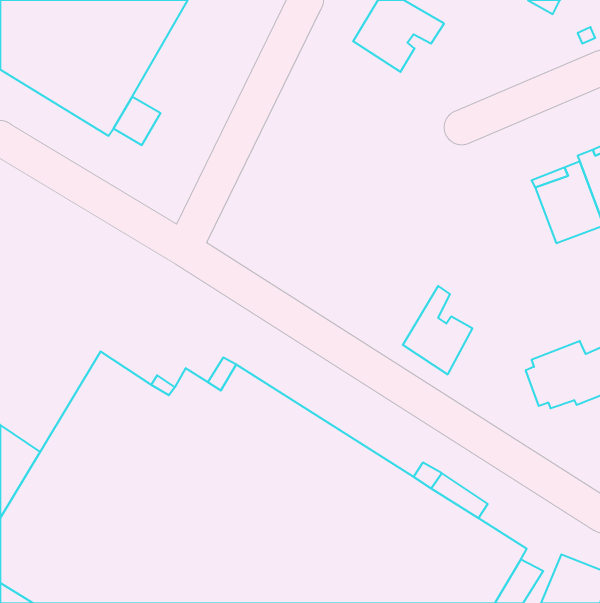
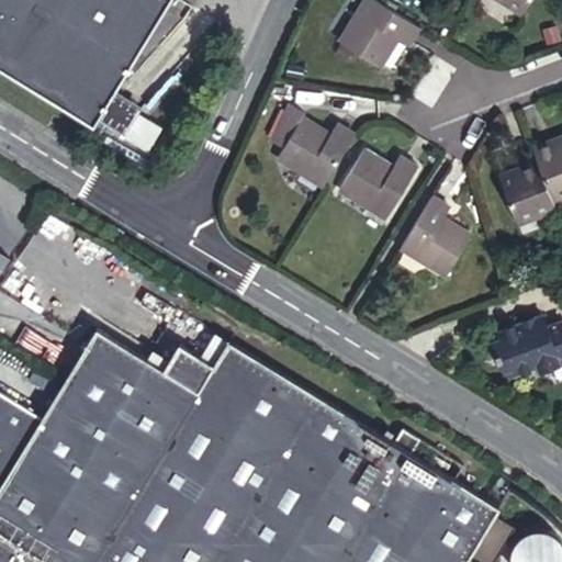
building: none -> [257,109,350,198]
building: none -> [326,153,406,225]
building: [403,286,472,374] -> [402,193,467,276]

